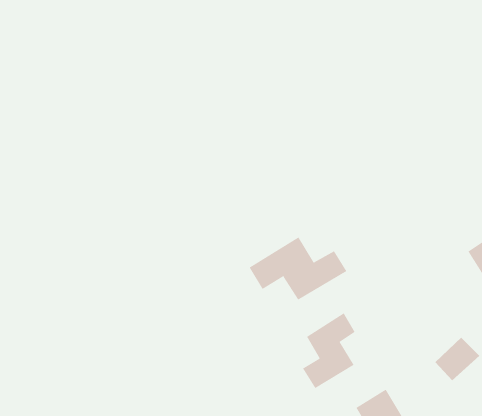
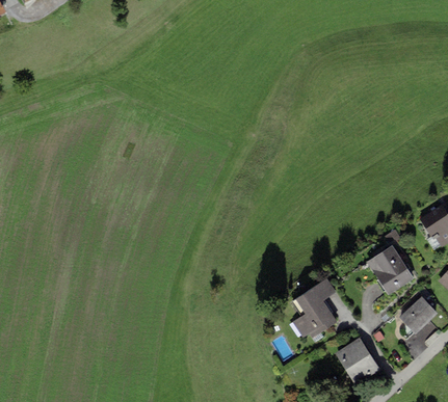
building: [249,237,347,300] -> none
building: none -> [367,245,414,294]

